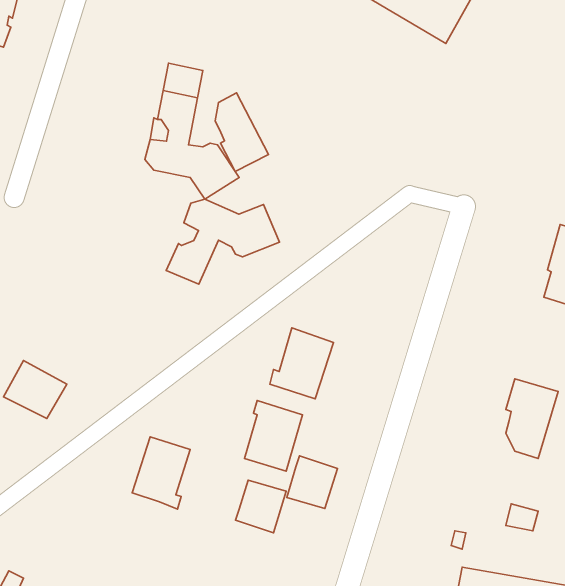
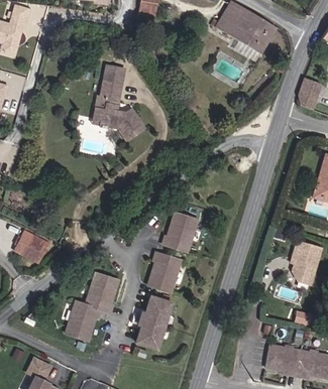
building: none -> [299,78,321,109]
building: [215,93,269,172] -> none
building: [166,199,279,284] -> none
building: [287,456,338,508] -> [136,318,165,348]
building: none -> [66,300,101,340]

